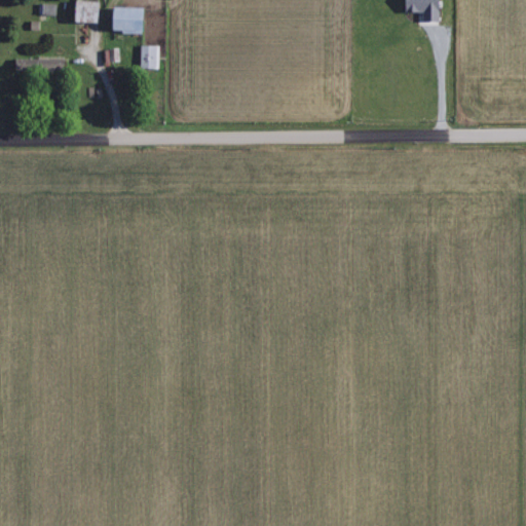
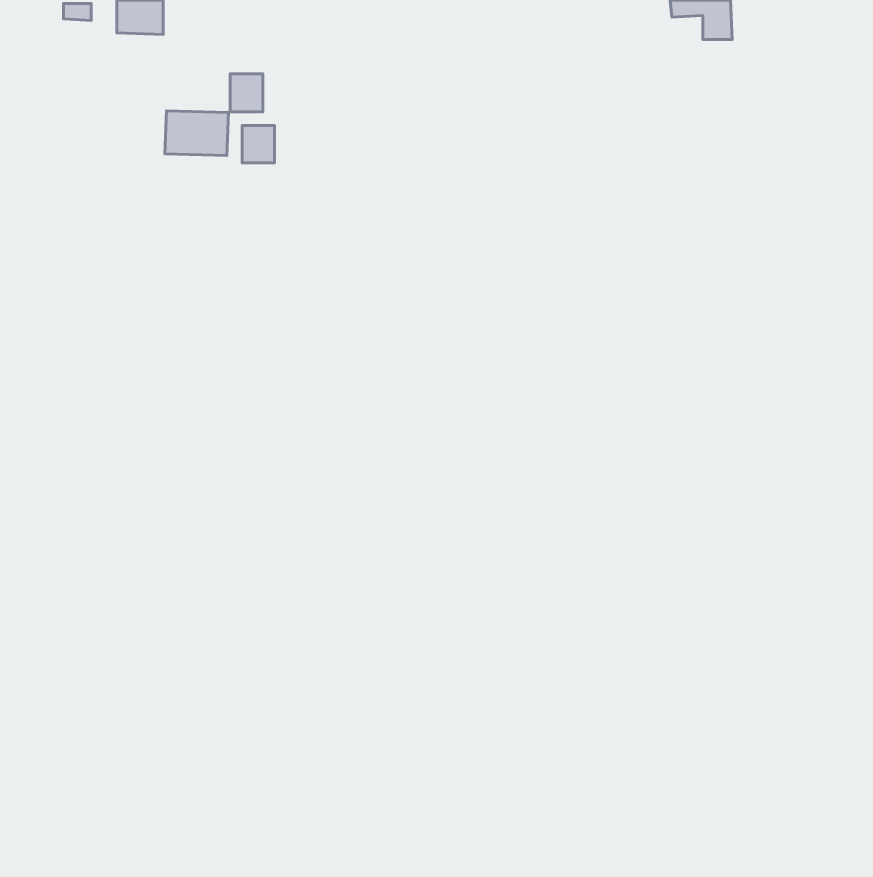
building: [108,5,146,32] -> [165,111,229,156]
building: none -> [242,125,275,163]

